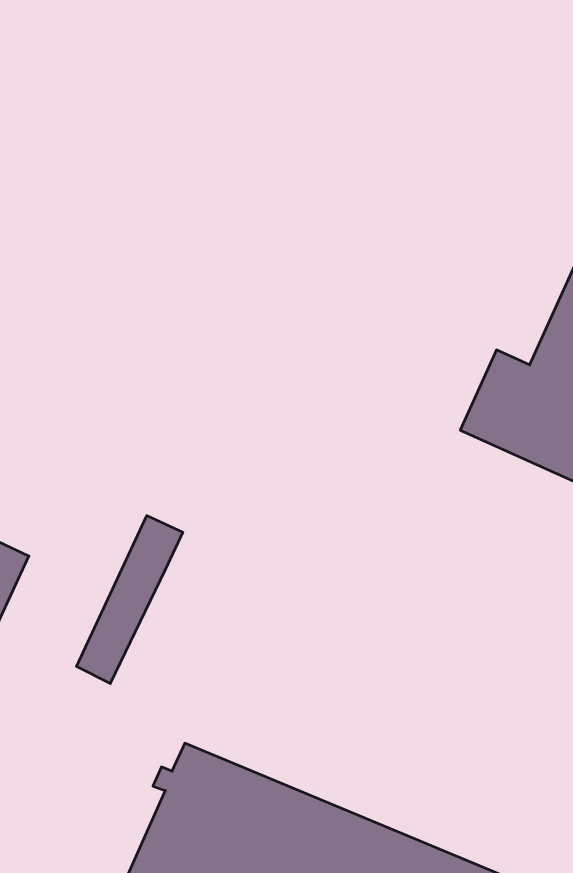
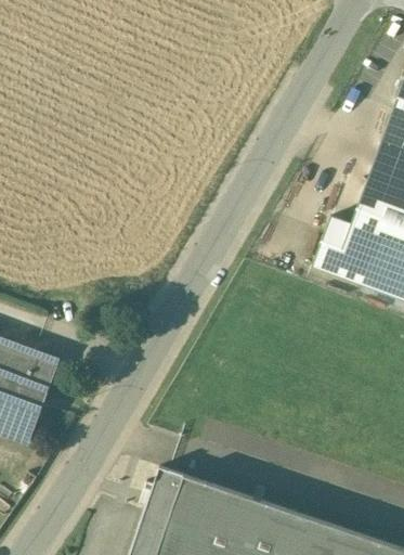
building: [77,516,183,684] -> none

